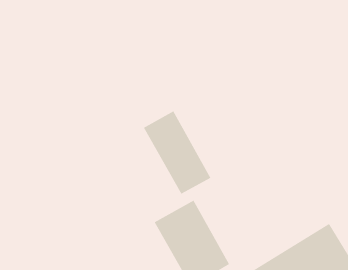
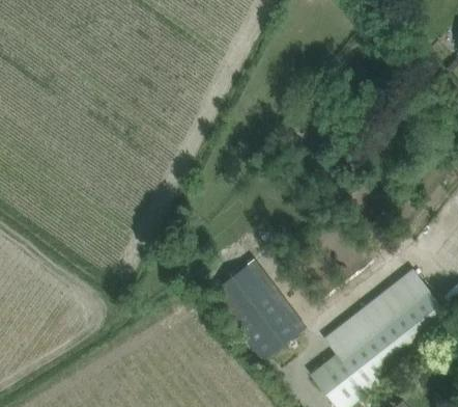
building: [143,110,211,195] -> none

